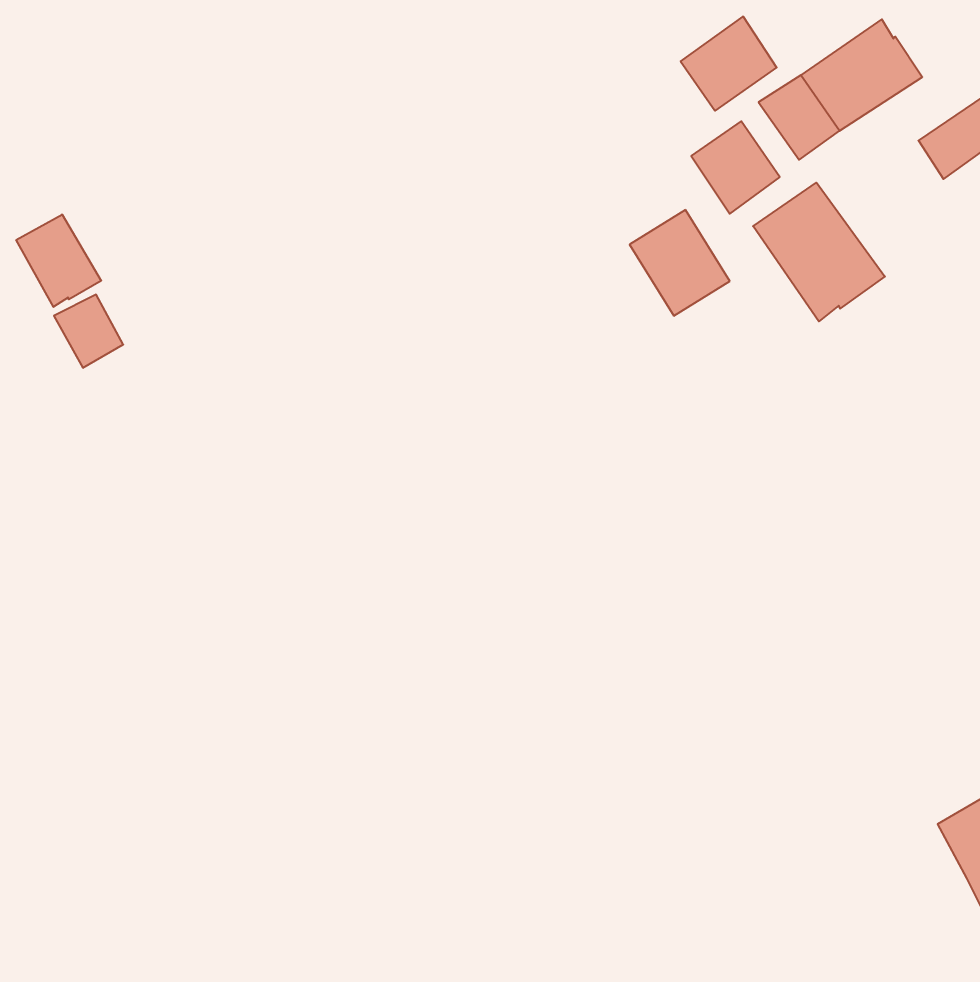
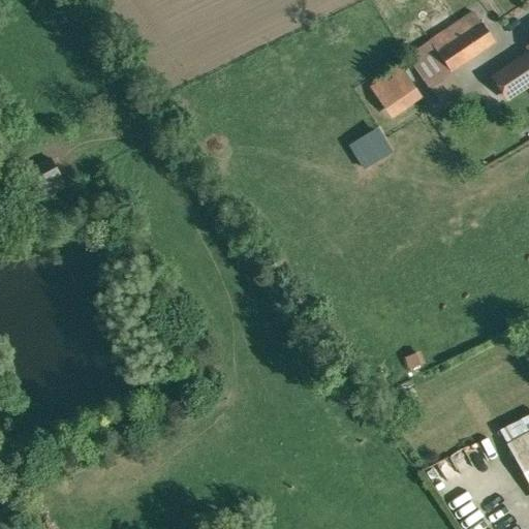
building: [681,16,777,111] -> none
building: [753,183,885,321] -> none
building: [16,214,101,307] -> none

